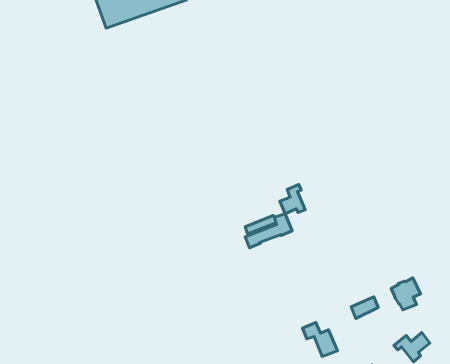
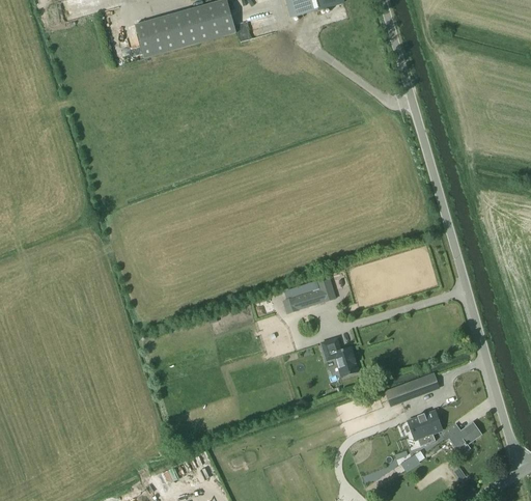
building: [280,184,305,214] -> none
building: [391,278,420,310] -> [409,410,441,445]
building: [302,322,337,356] -> [322,337,359,375]

